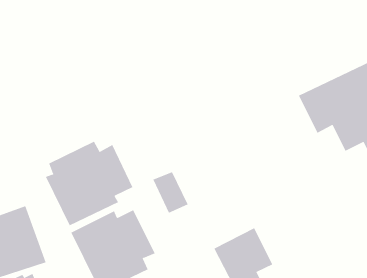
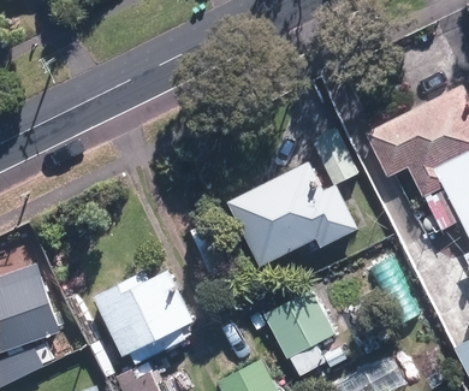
building: none -> [225,129,357,266]
building: [45,141,133,226] -> none

